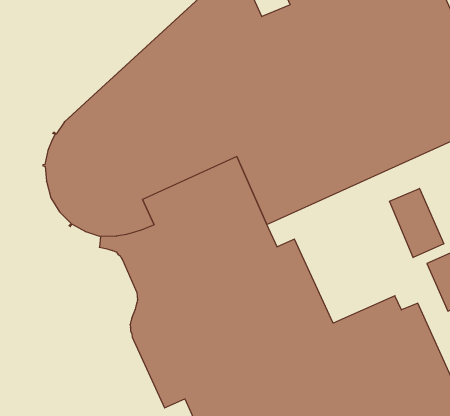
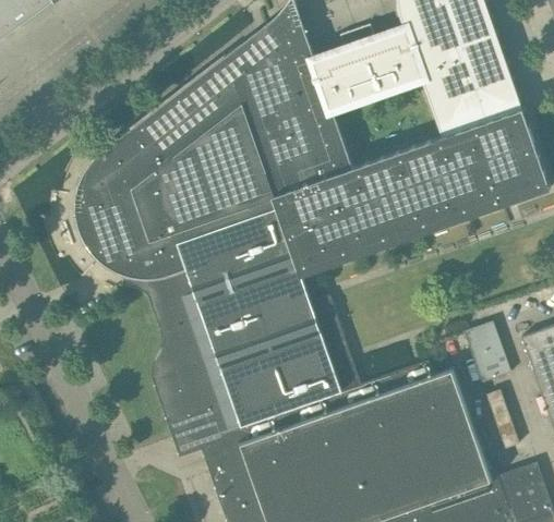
building: [390,188,444,258] -> none

